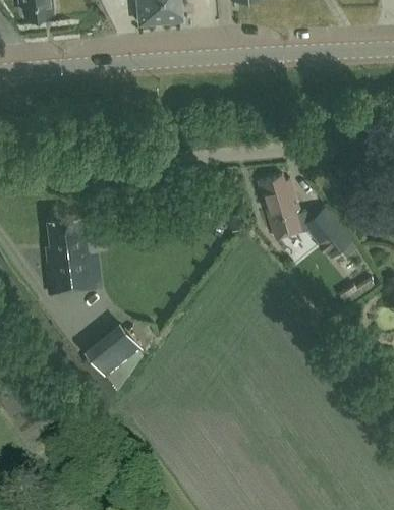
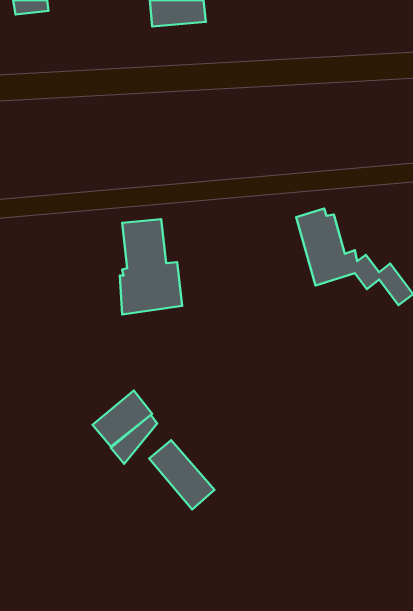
building: [46,213,98,292] -> [120,219,182,315]
building: none -> [149,440,214,509]

